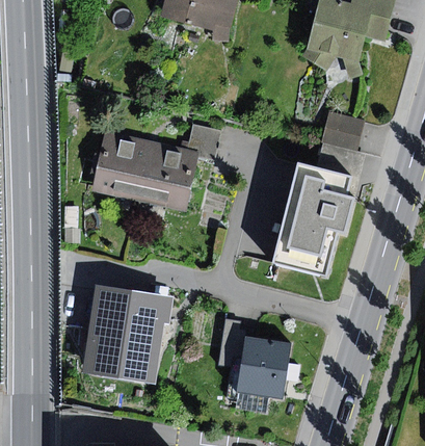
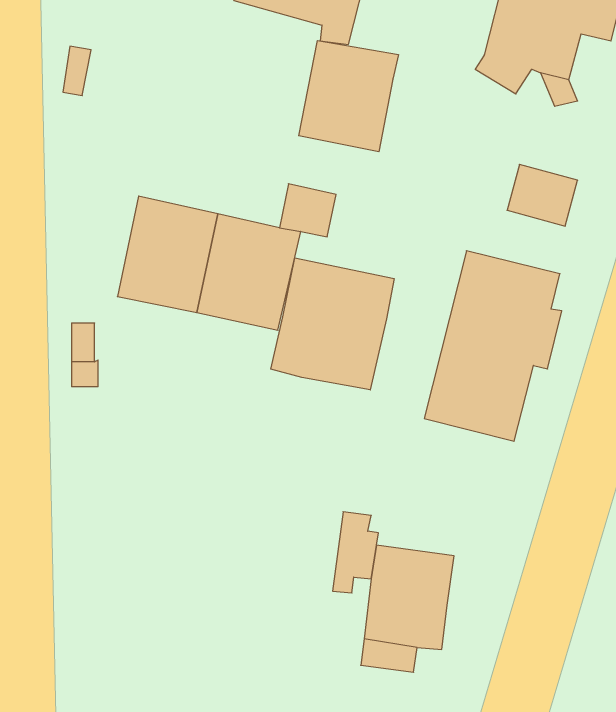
building: none -> [299,41,398,152]
building: none -> [271,258,394,390]
building: [81,285,172,384] -> none

